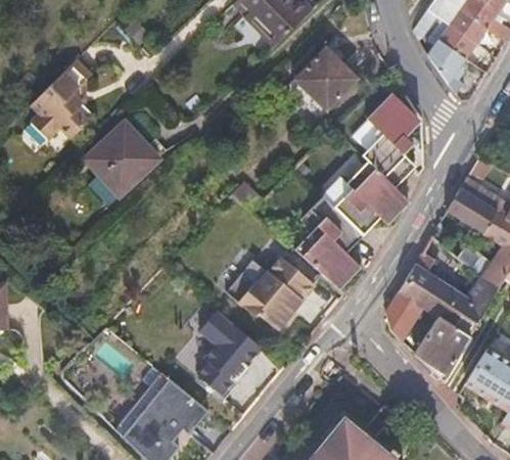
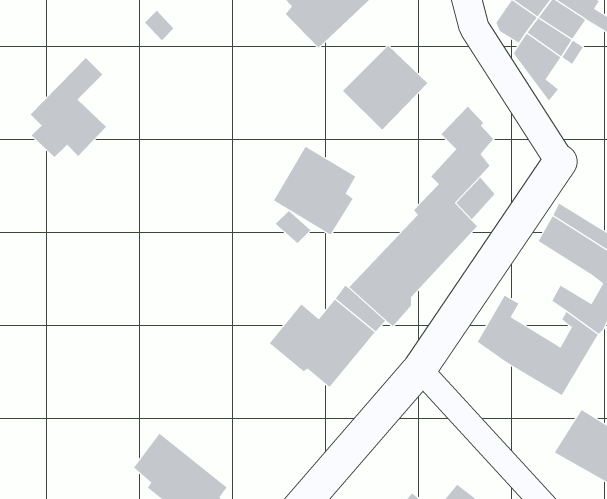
building: [86,121,159,195] -> none
building: none -> [273,146,356,236]
building: [385,291,422,341] -> none
building: [414,317,468,381] -> none
building: [196,327,259,386] -> none

